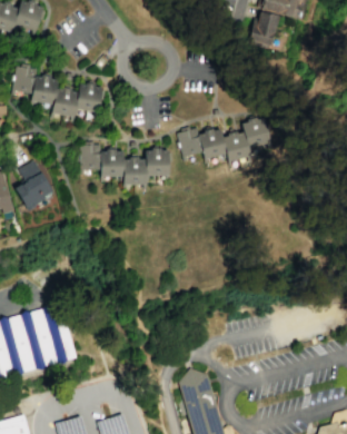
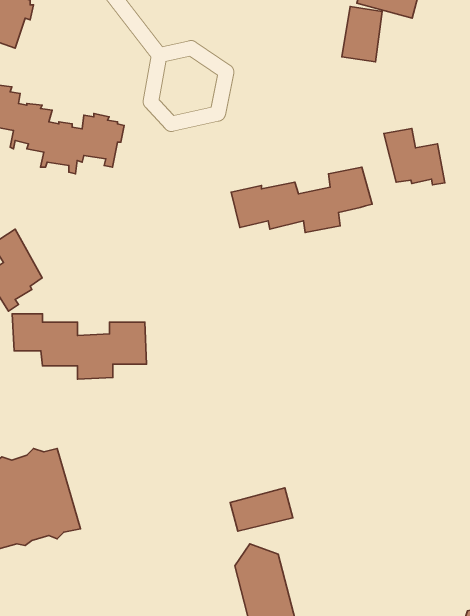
building: none -> [384,129,445,185]
building: [81,146,170,189] -> [12,314,146,379]
building: none -> [230,488,293,531]

